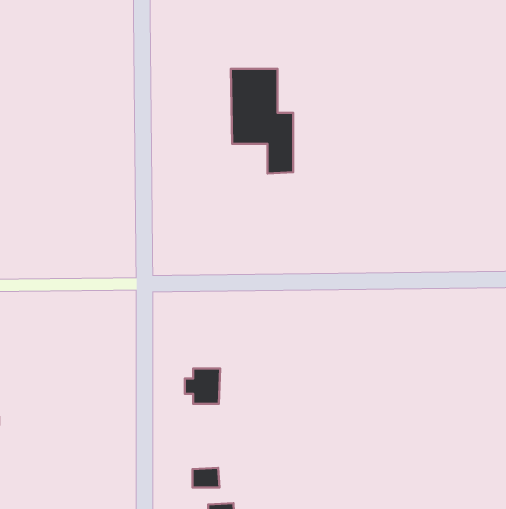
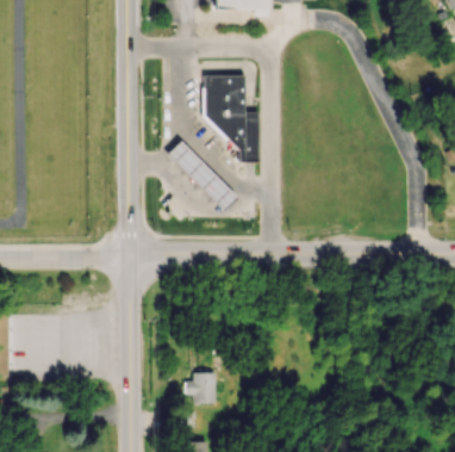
building: none -> [167,141,238,210]
building: [185,369,220,404] -> [188,372,218,402]

